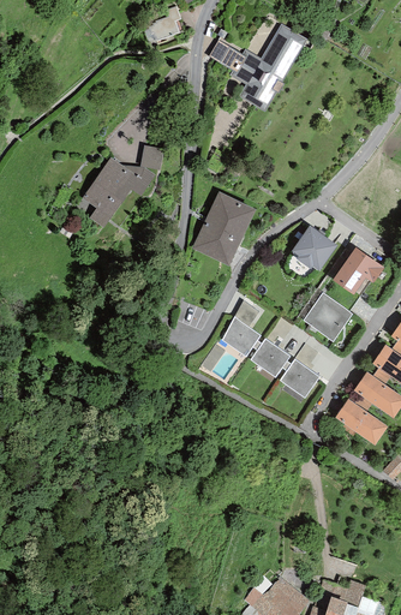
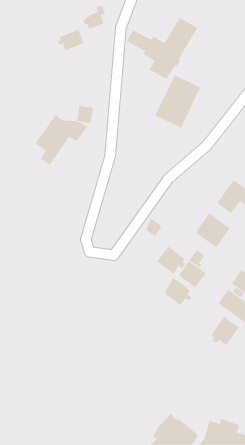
building: none -> [57,29,84,51]
building: [191,192,255,267] -> [155,74,201,128]
building: [291,225,337,270] -> none
building: [222,317,262,357] -> [164,277,193,306]
building: none -> [211,316,239,346]

